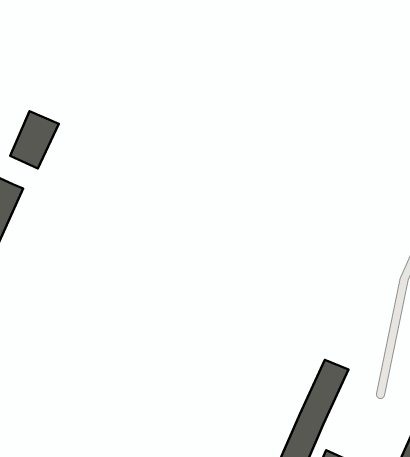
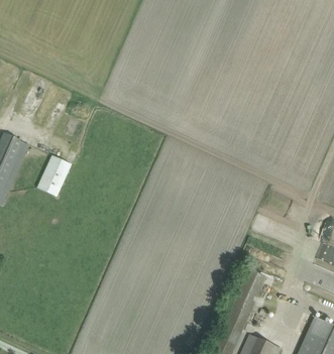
building: [10,111,59,168] -> [36,154,72,196]

